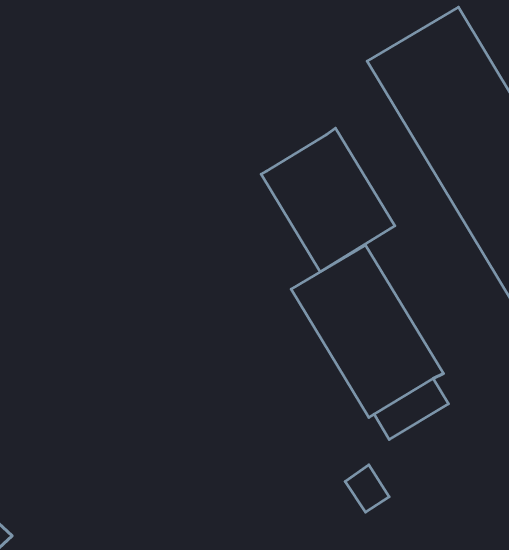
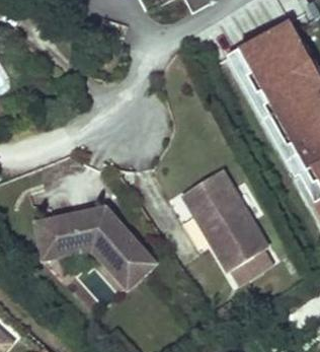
building: [261,128,395,272] -> none
building: none -> [33,204,159,290]

